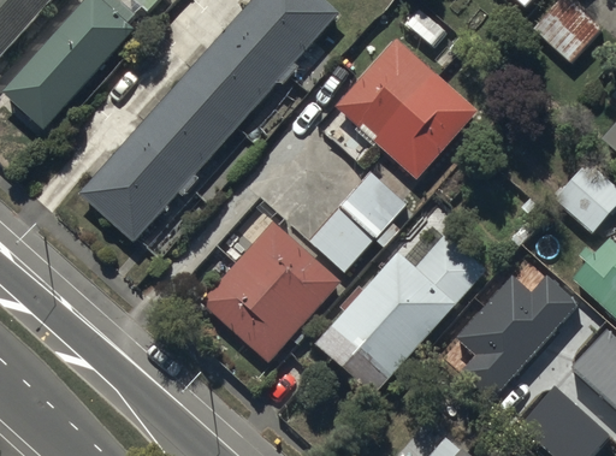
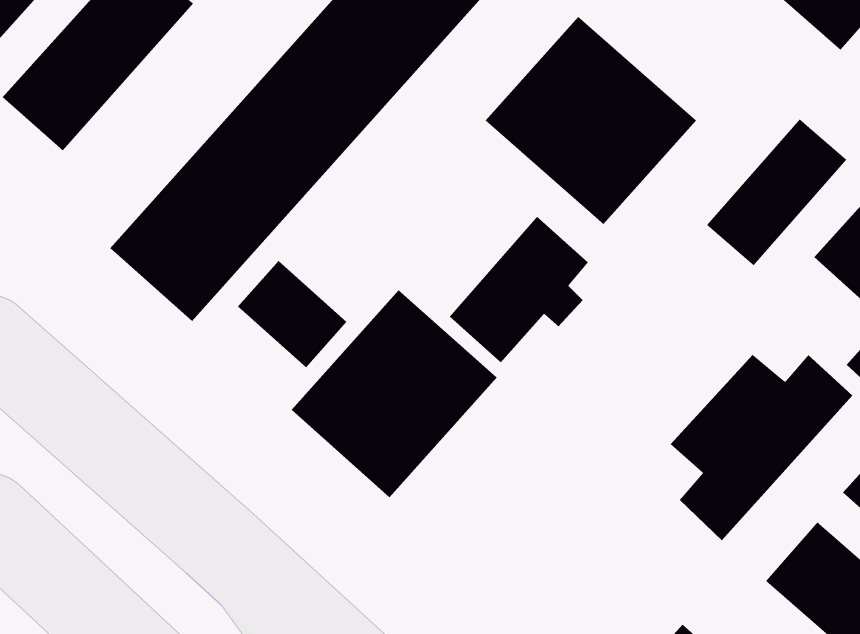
building: none -> [706,118,847,266]
building: none -> [237,260,347,368]
building: [312,233,485,401] -> none

